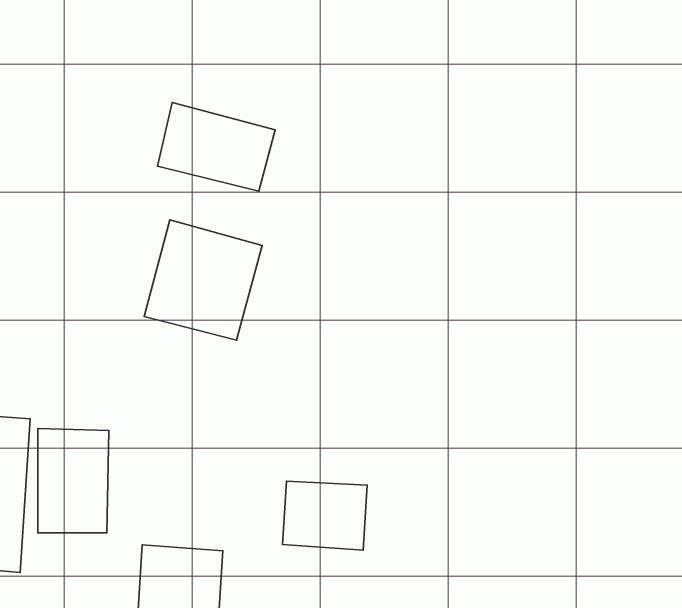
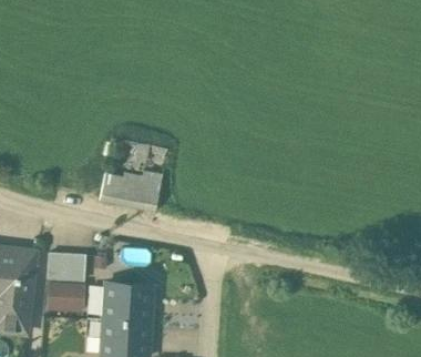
building: [157,103,275,191] -> none
building: [282,481,367,550] -> [101,284,148,323]

